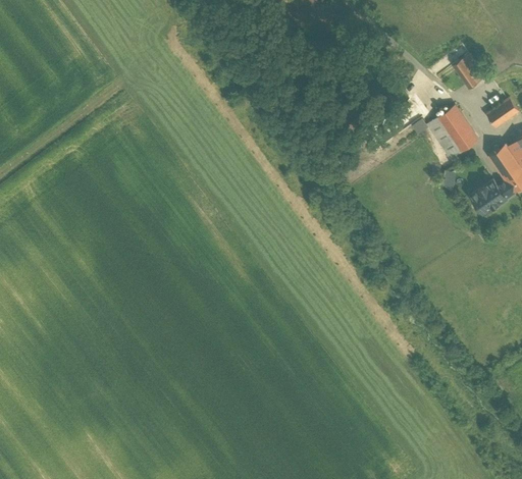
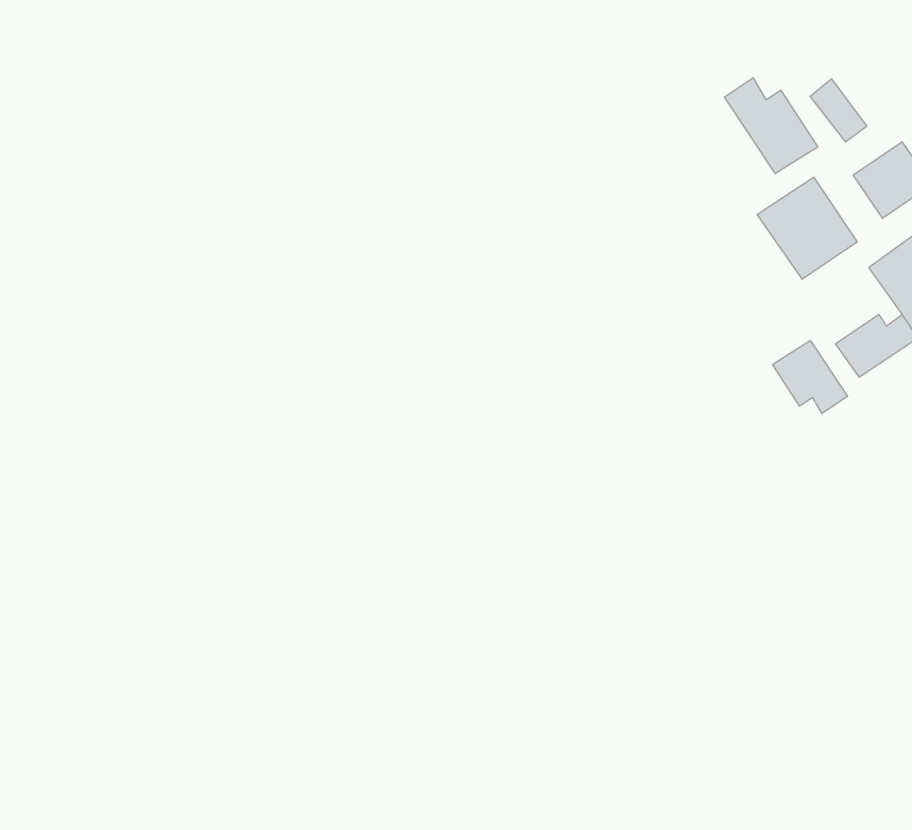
building: none -> [724,78,818,174]
building: none -> [773,341,848,414]

